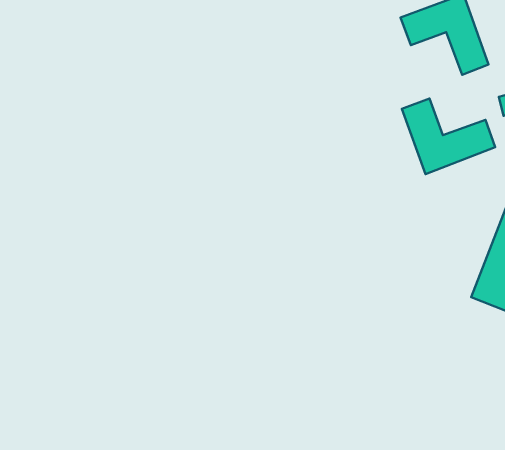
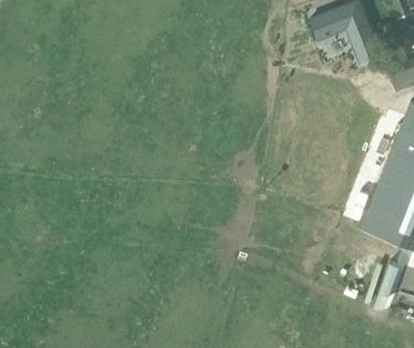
building: [402,98,495,174] -> none

